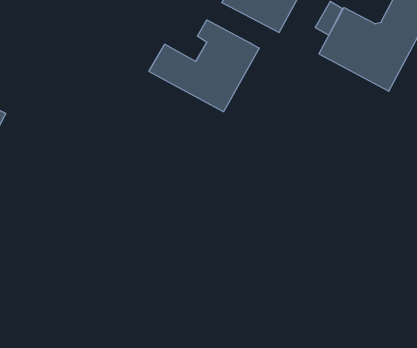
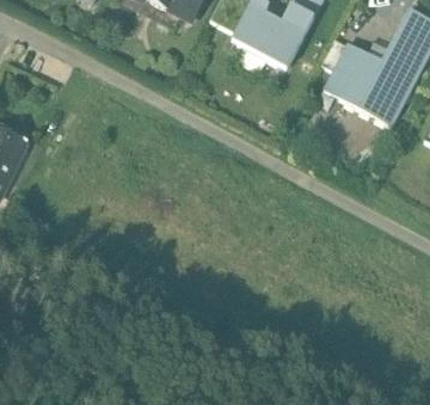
building: [149,20,259,112] -> none

